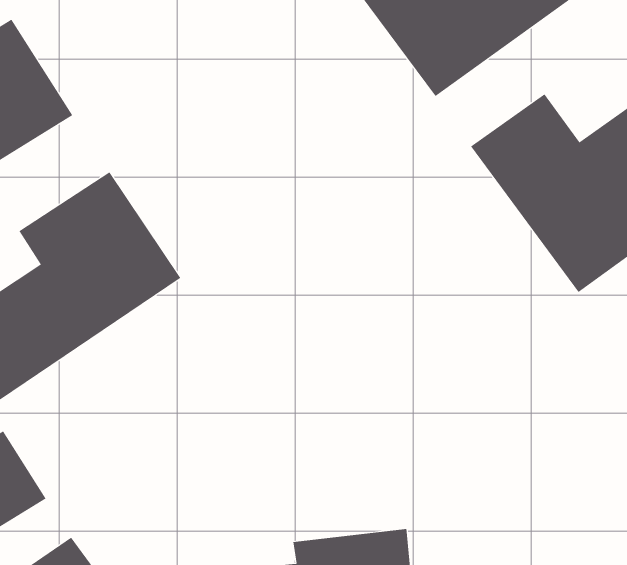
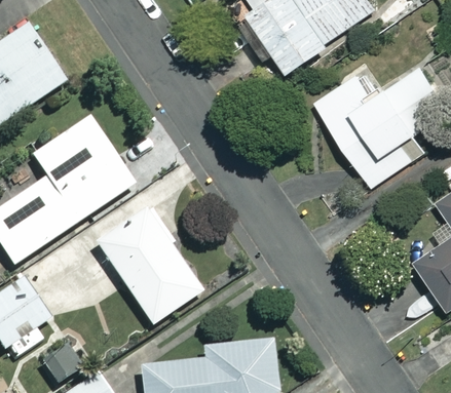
building: none -> [97,208,202,324]

